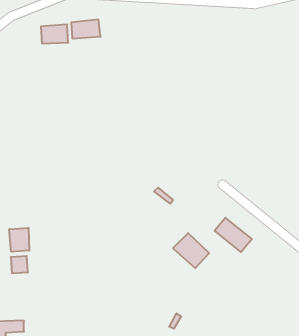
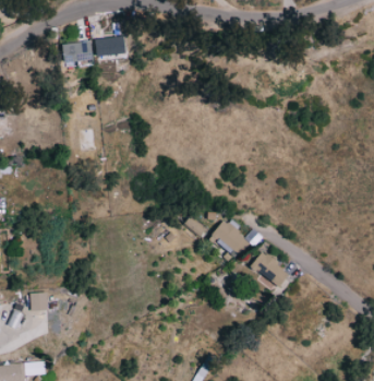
building: [9,228,29,252] -> none
building: [173,233,209,268] -> [205,221,244,259]

